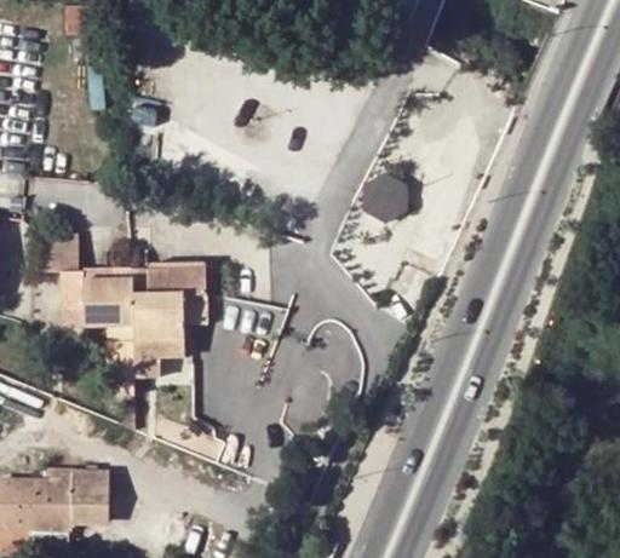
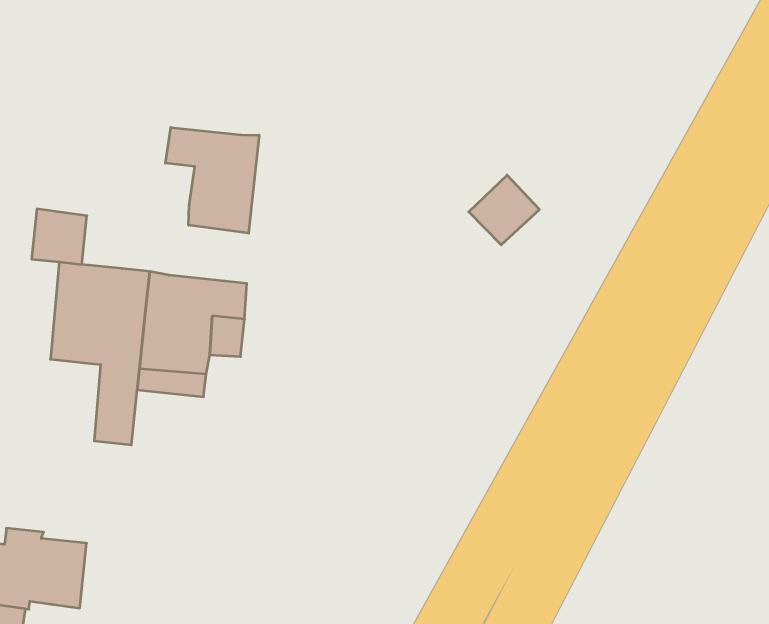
building: none -> [165,127,259,233]

